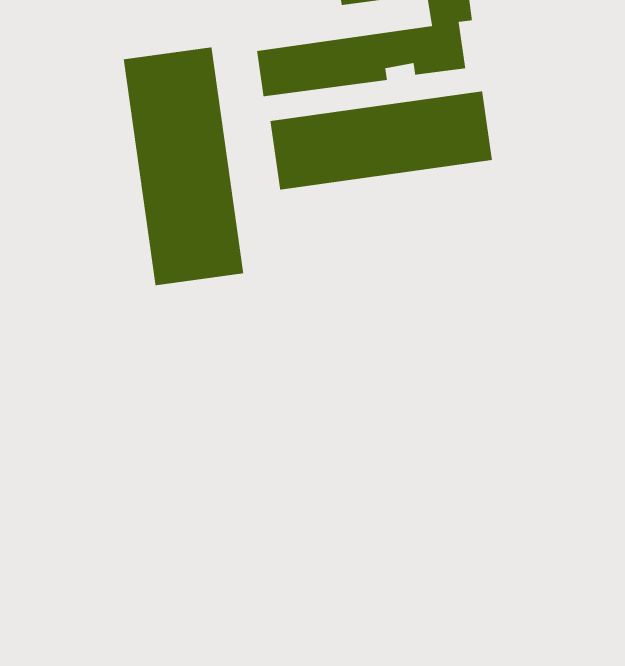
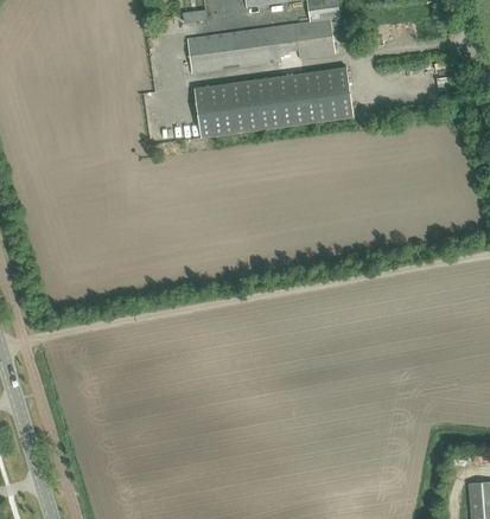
building: [123,47,244,286] -> none

